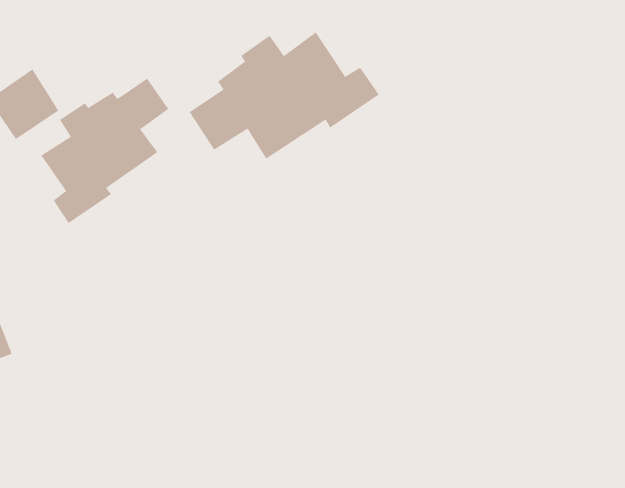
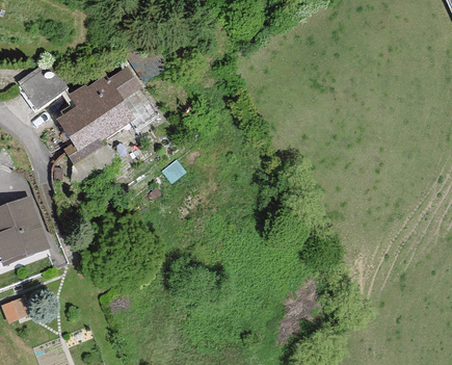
building: [189,32,380,159] -> none

